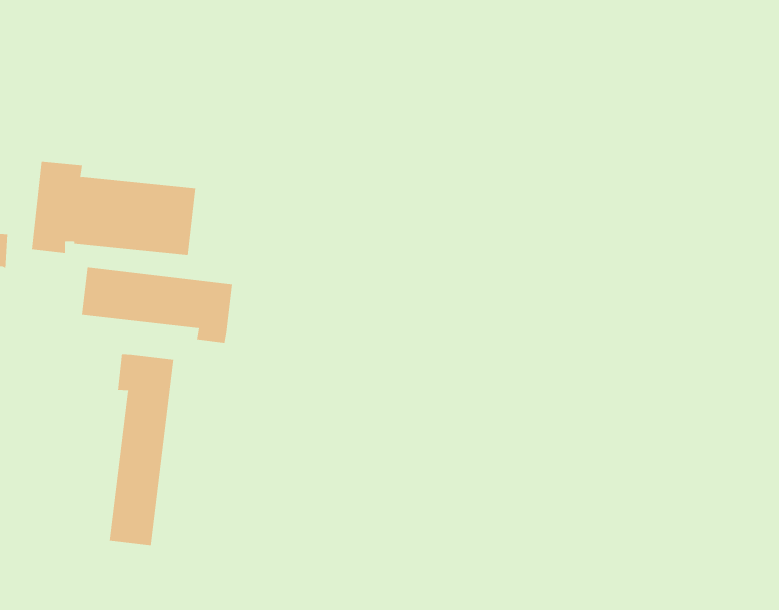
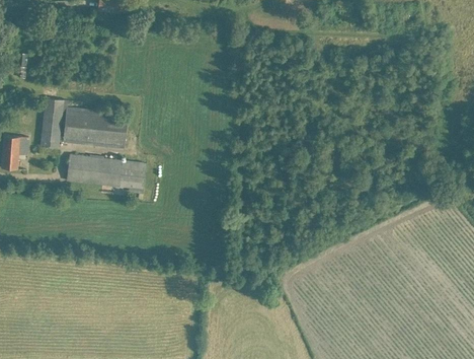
building: [109,353,174,546] -> none

